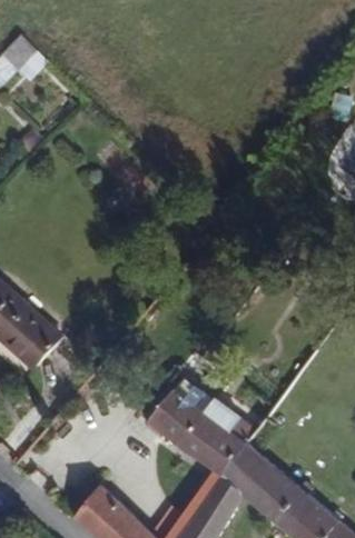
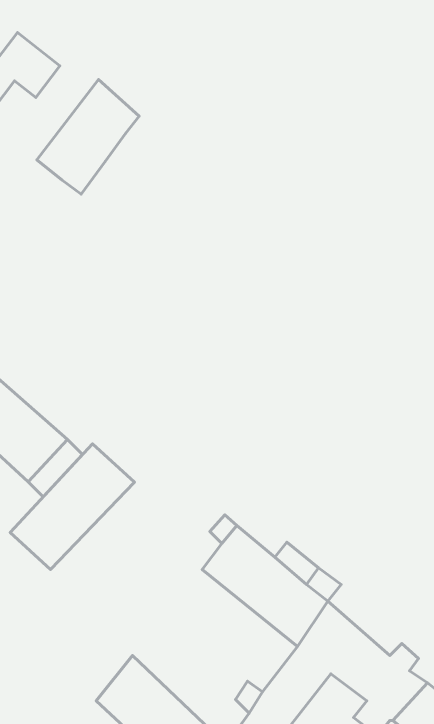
building: none -> [37,80,139,194]
building: none -> [10,444,135,569]

